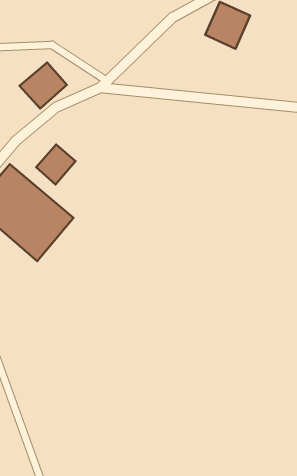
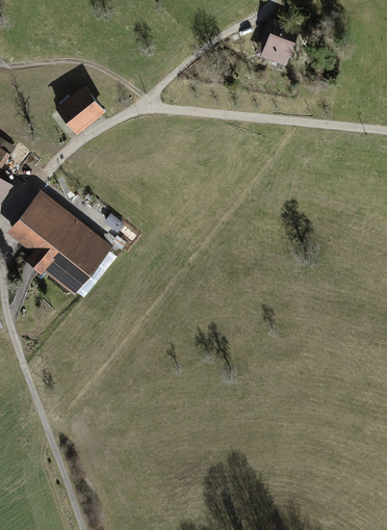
building: [36,145,75,185] -> none

